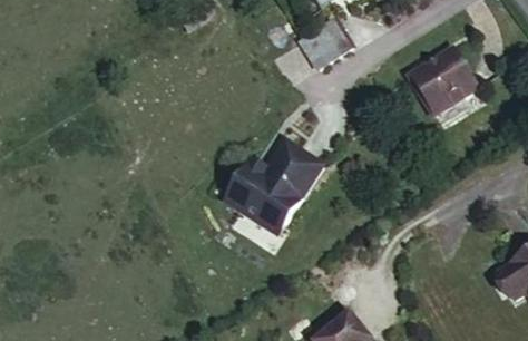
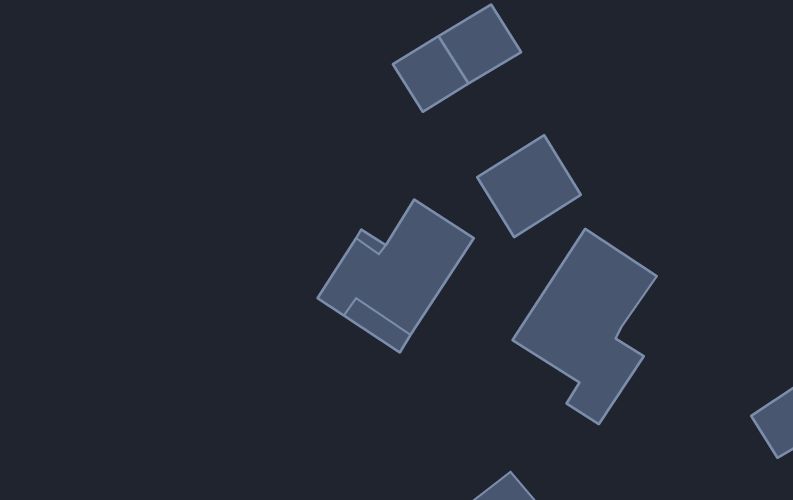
building: [412,50,478,115] -> [477,135,581,237]
building: none -> [512,229,657,424]

